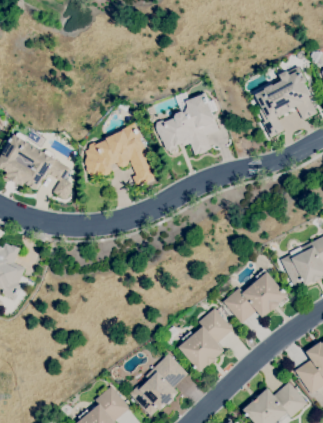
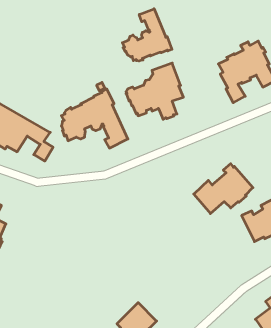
building: none -> [122,9,172,61]
building: [223,269,287,323] -> [194,164,253,214]
building: [178,308,232,372] -> none

